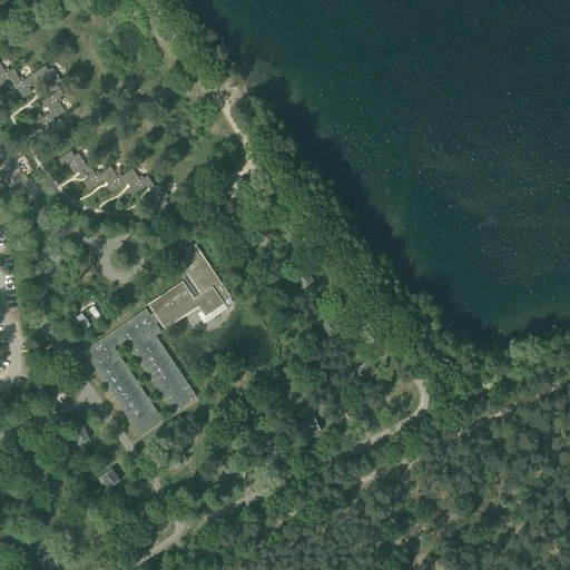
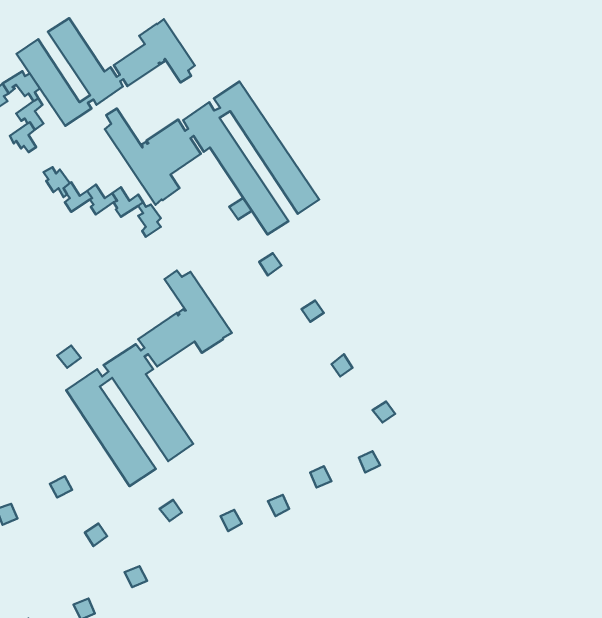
building: none -> [16,18,195,126]
building: none -> [105,82,319,234]

